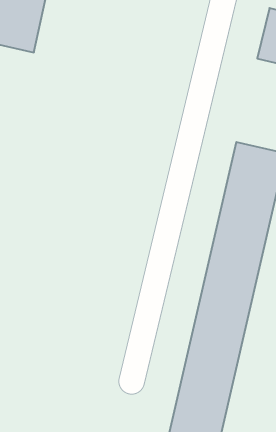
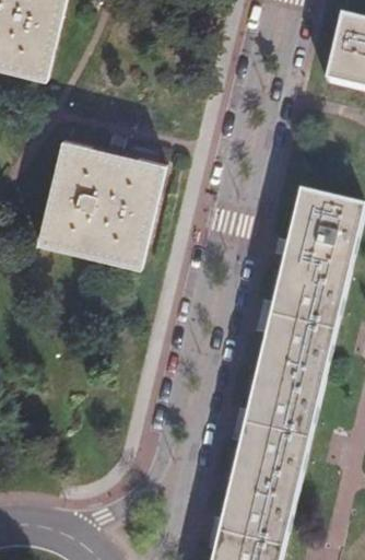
building: none -> [38,143,166,269]

